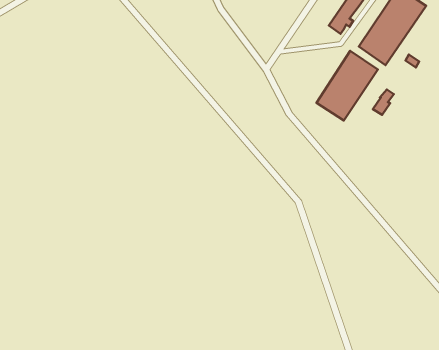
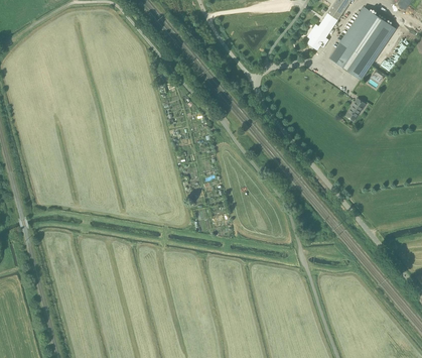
building: [317,51,378,120] -> none

